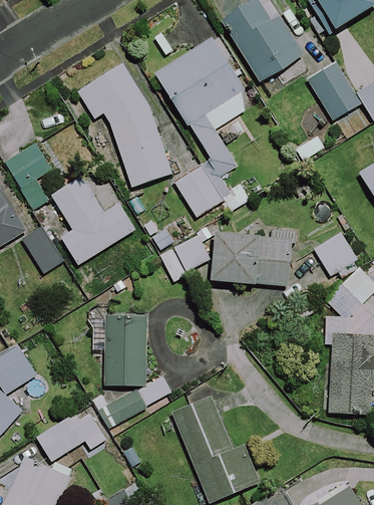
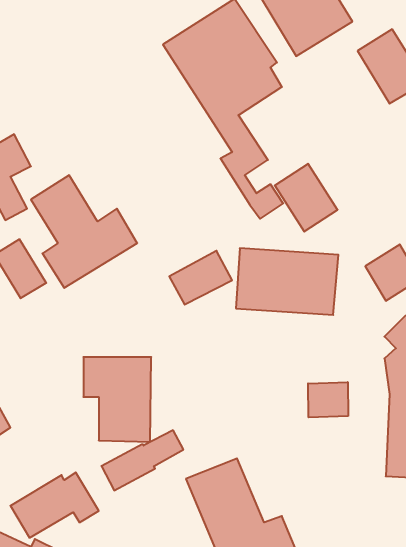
building: [79,66,171,187] -> none
building: [173,163,223,216] -> [275,164,338,232]
building: none -> [308,382,348,417]

